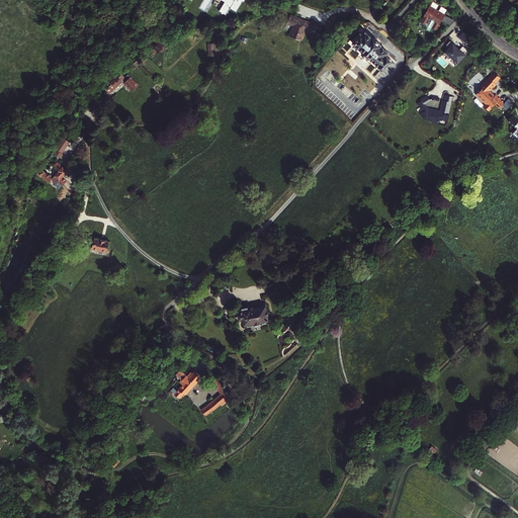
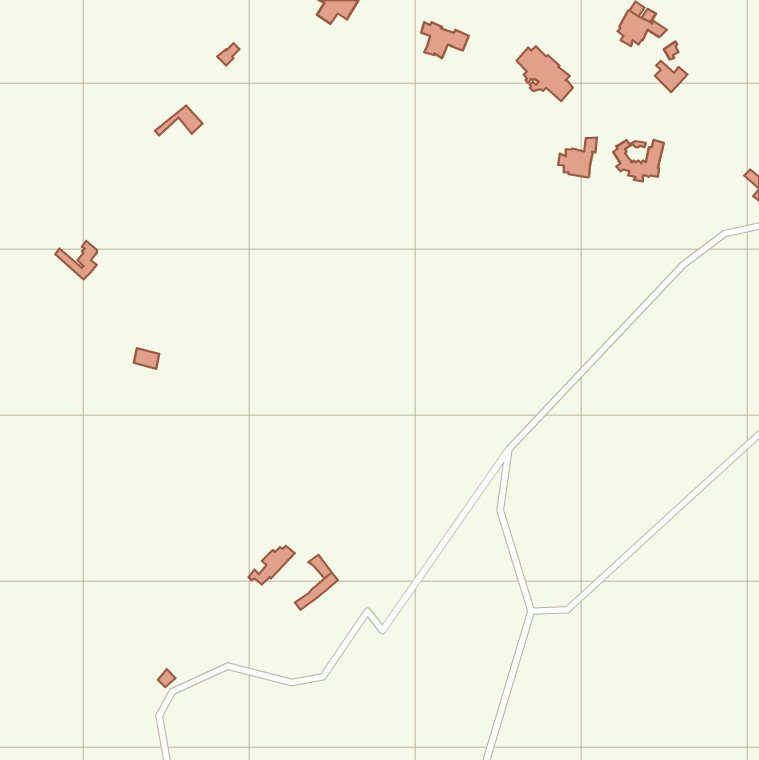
building: [474,76,503,109] -> none
building: none -> [558,137,597,178]
building: [232,303,269,325] -> none

